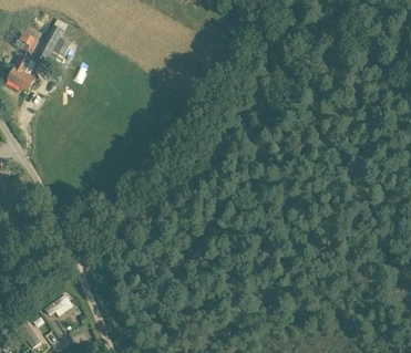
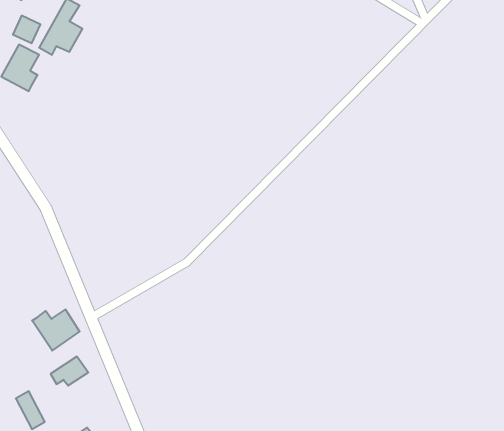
building: none -> [32,309,80,351]

